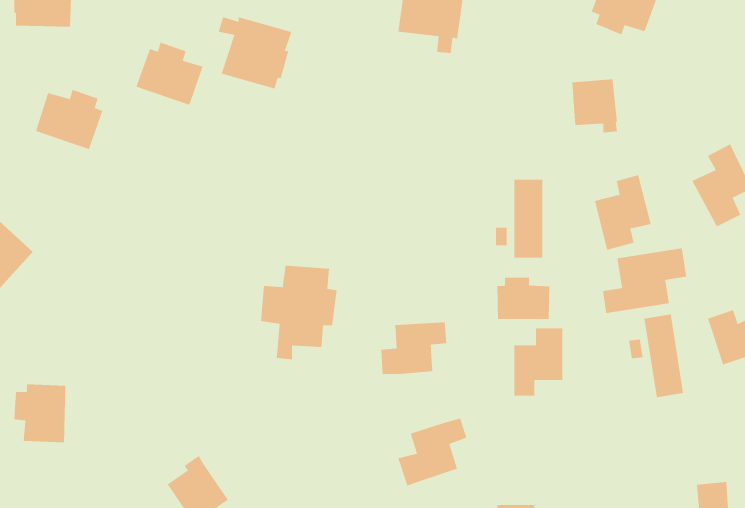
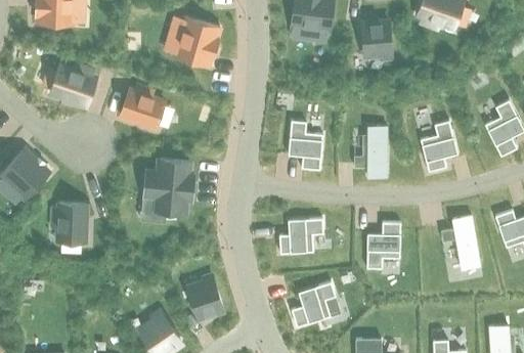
building: [136,42,204,105] -> [120,87,165,129]
building: [571,79,618,133] -> [361,25,392,60]
building: none -> [288,124,322,171]
building: [602,247,687,314] -> none
building: [260,265,338,360] -> [143,161,194,223]
building: [497,277,550,320] -> none
building: [14,384,66,443] -> [51,205,86,244]
building: none -> [187,273,223,318]

